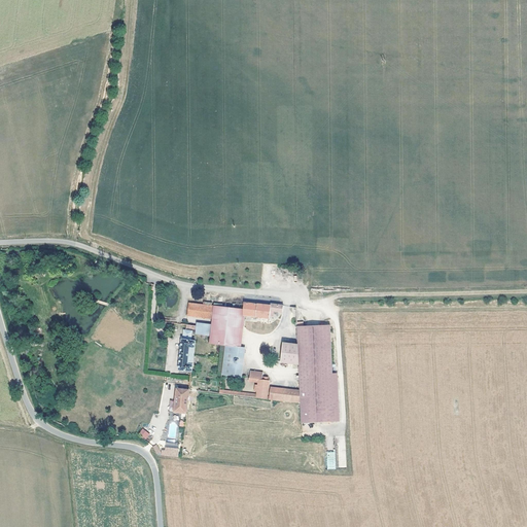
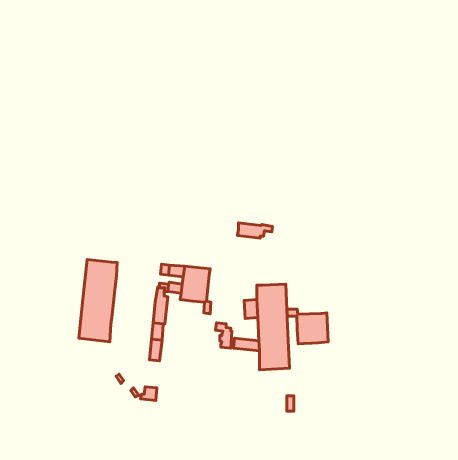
building: none -> [79,260,117,342]
building: [242,301,282,318] -> [237,223,273,238]
building: none -> [287,309,328,344]

